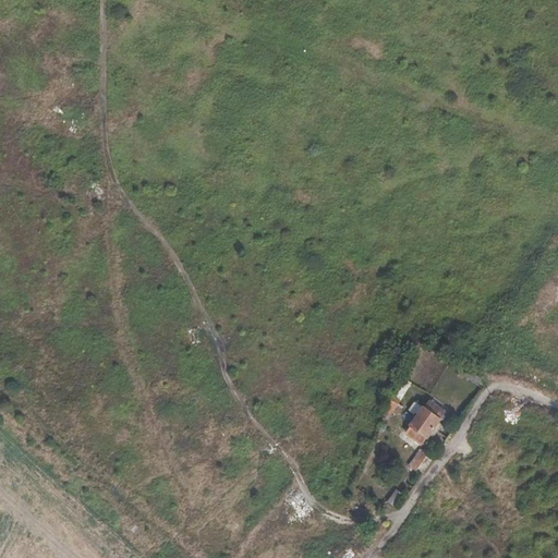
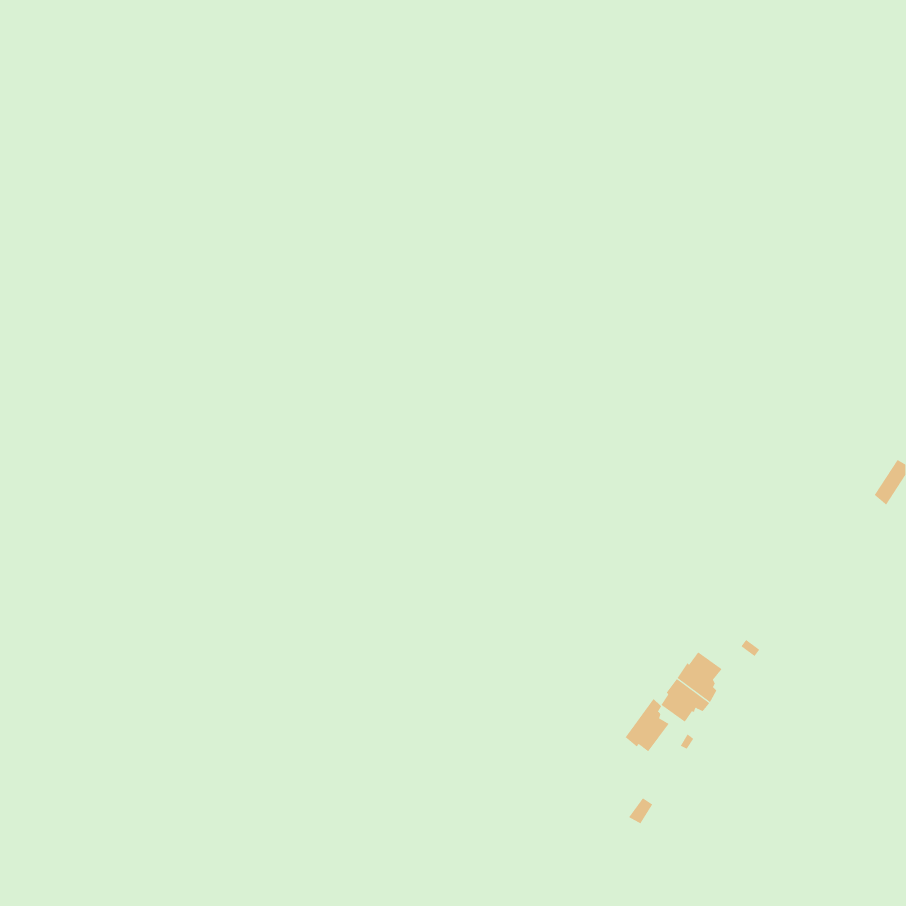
building: none -> [625,698,669,752]

